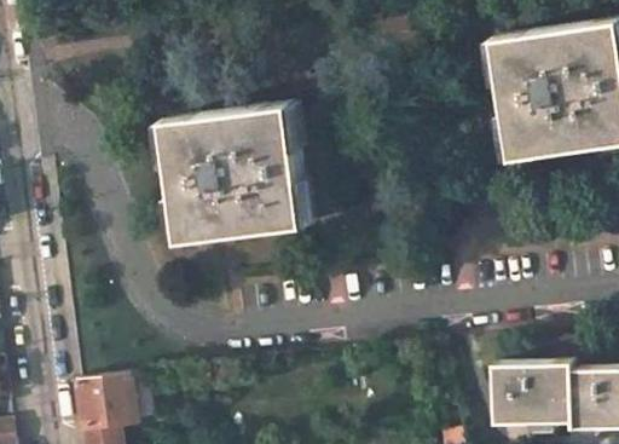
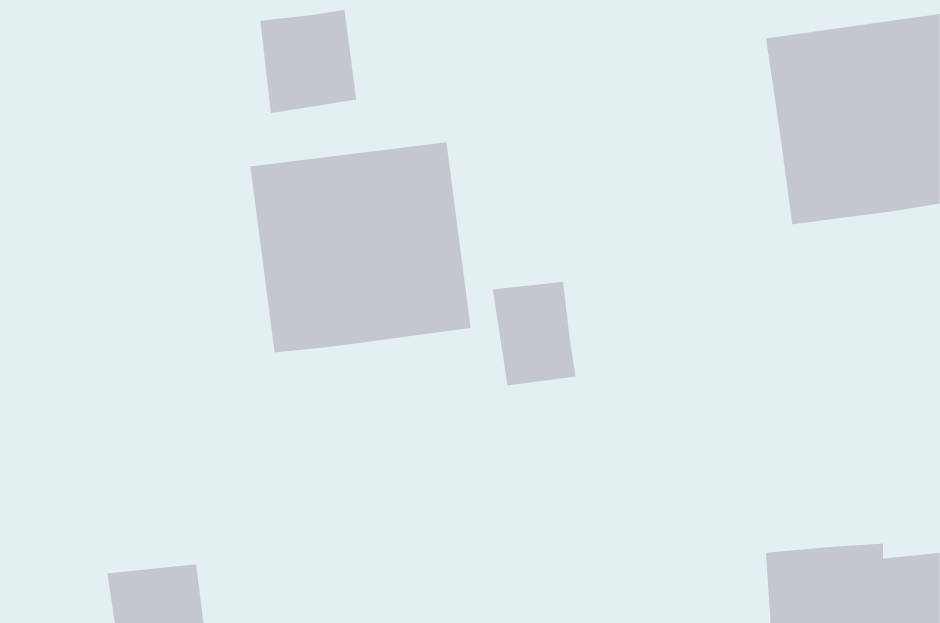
building: none -> [260,9,357,114]
building: none -> [492,281,576,386]

